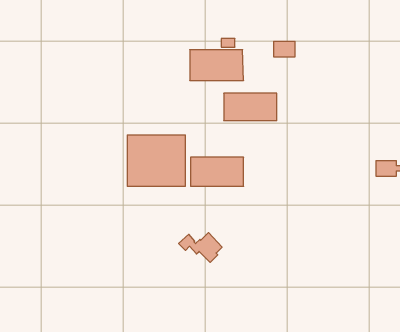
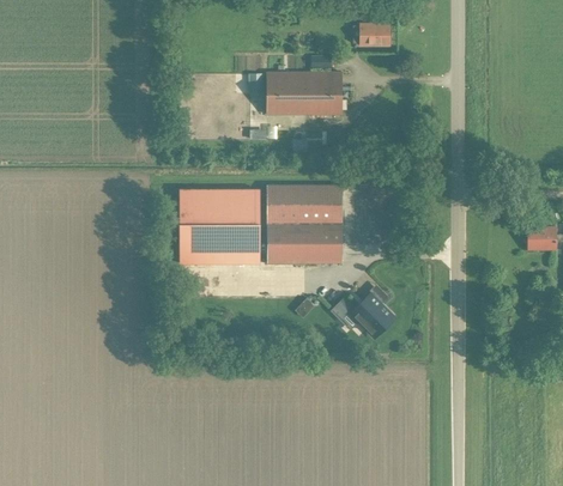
building: [274,41,295,57] -> [361,24,391,45]
building: [224,93,277,121] -> [268,184,343,223]
building: [179,233,222,262] -> [331,294,392,336]

